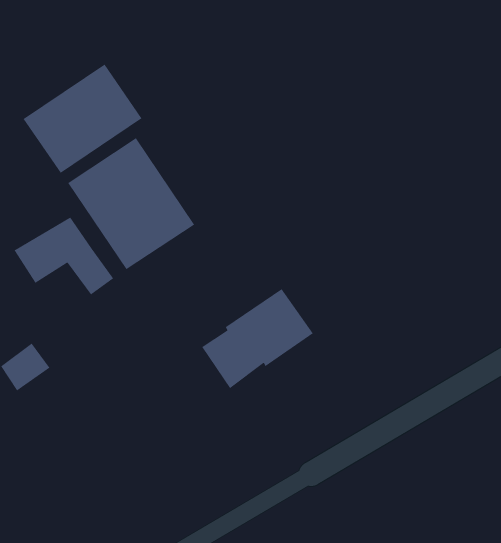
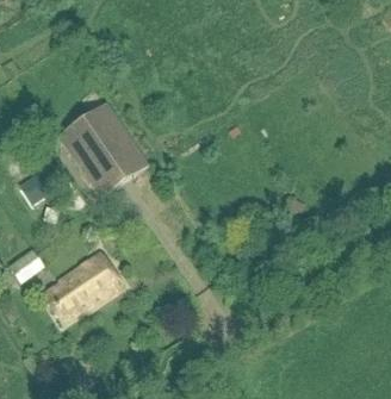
building: [23,63,143,174] -> none
building: [201,288,314,389] -> [42,251,122,323]

